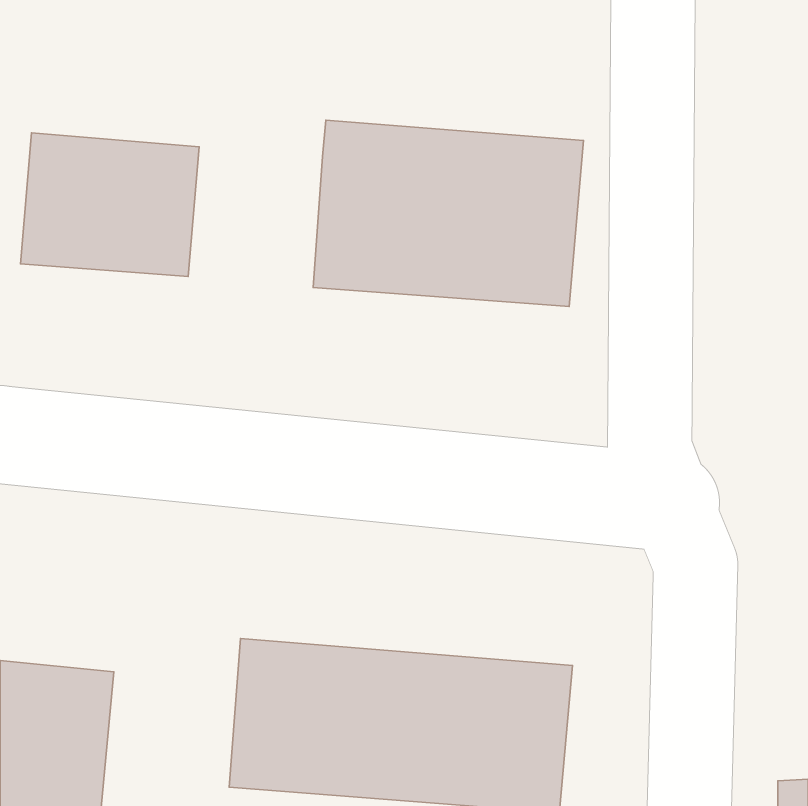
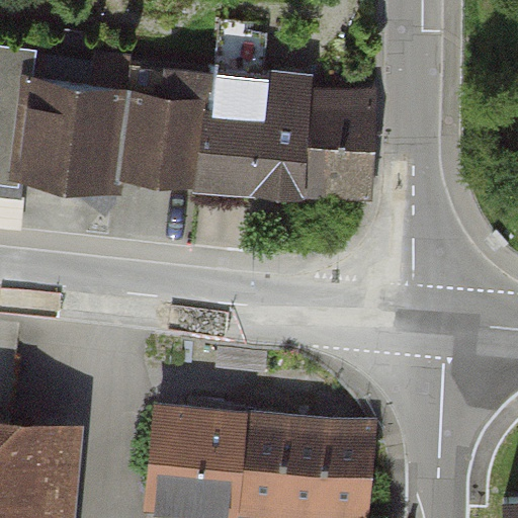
building: none -> [120,95,206,185]

